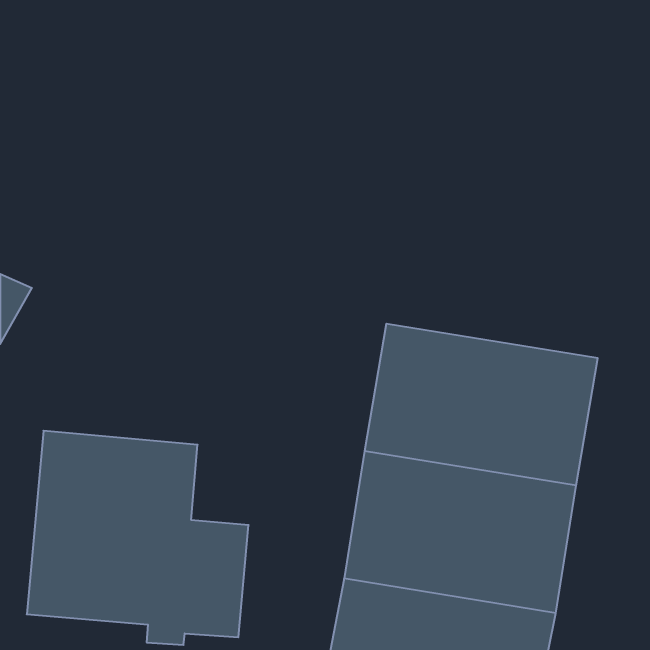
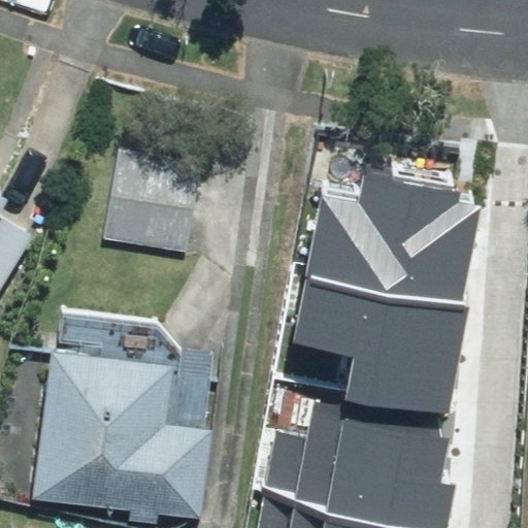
building: none -> [95,148,195,253]
building: none -> [314,160,502,291]

